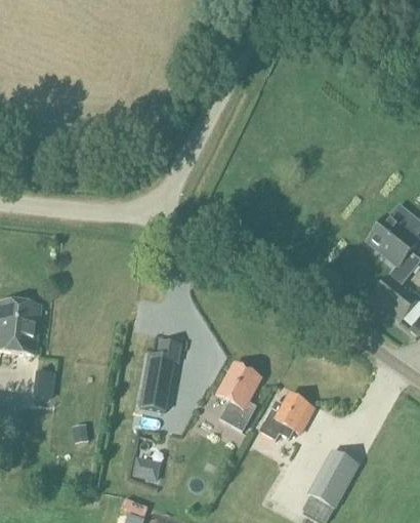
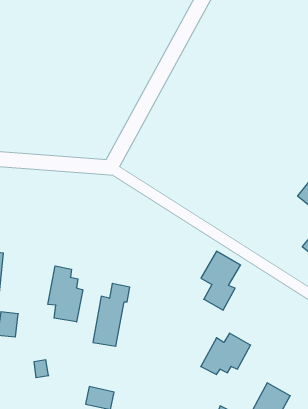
building: none -> [48,266,83,322]
building: [217,363,261,429] -> [201,251,241,310]

